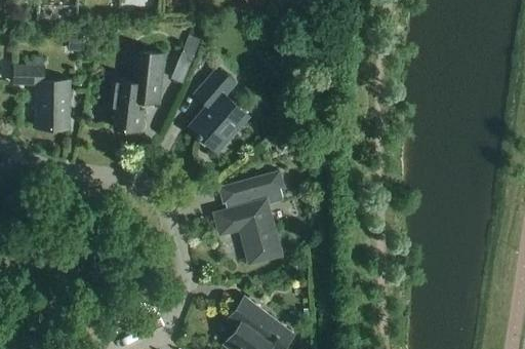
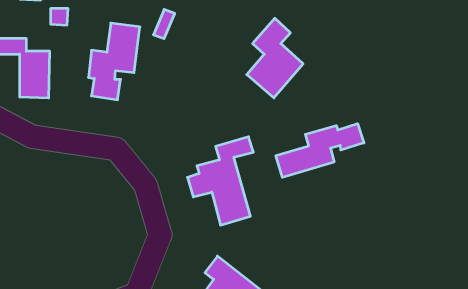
building: [189,68,248,152] -> [247,18,303,98]
building: none -> [276,124,364,177]

